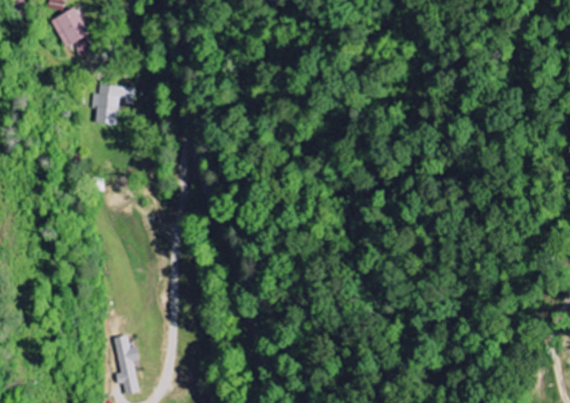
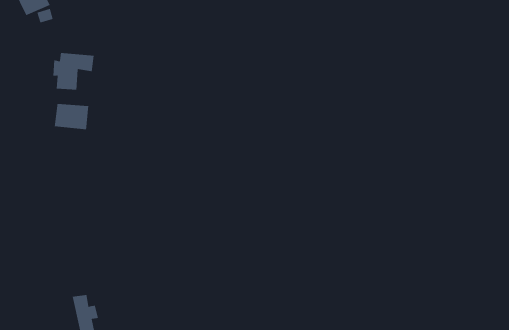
building: none -> [54,103,89,130]

